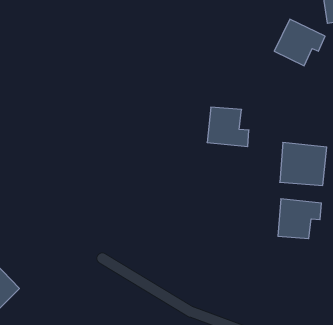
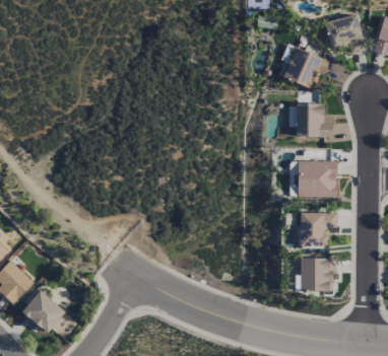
building: [207,107,249,147] -> [296,103,333,137]
building: none -> [301,258,335,291]

